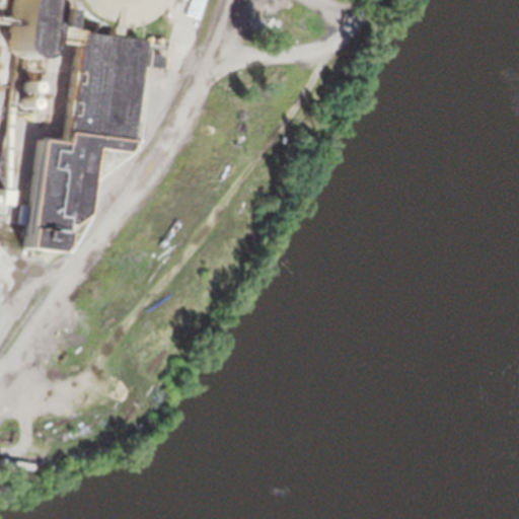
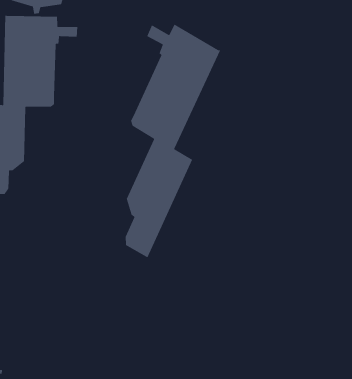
building: none -> [125,24,221,259]

